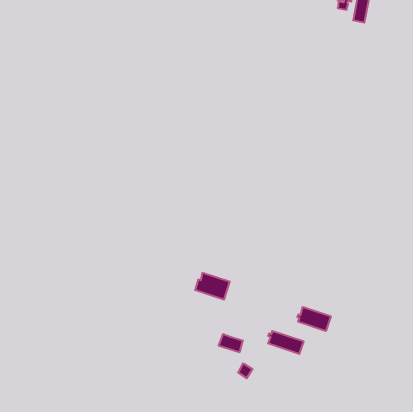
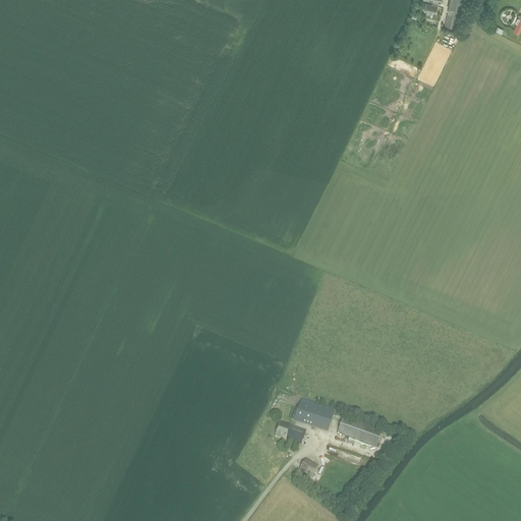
building: [195,273,230,300] -> [291,396,335,429]
building: [297,307,331,331] -> none

